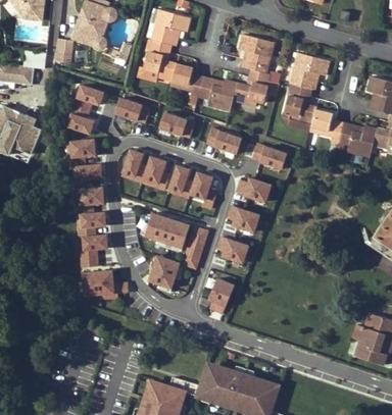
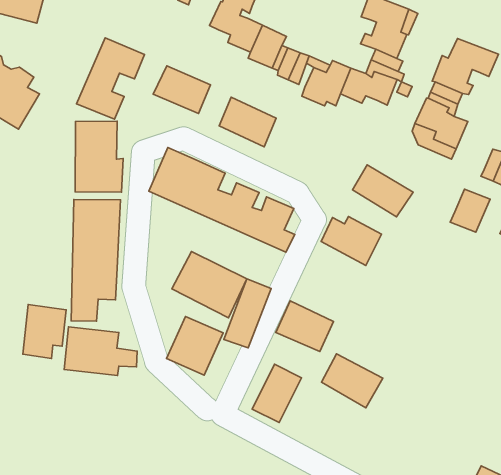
building: [309,109,333,136] -> [450,189,490,232]
building: [204,127,242,157] -> none
building: [223,205,261,237] -> [321,354,383,408]
building: none -> [23,305,66,359]

